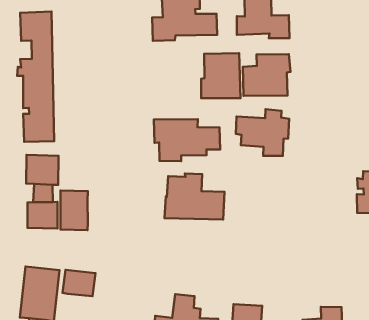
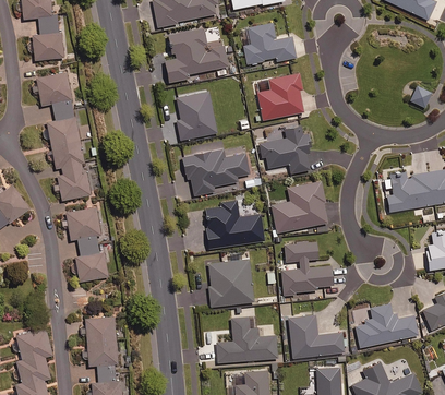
building: [201,53,240,98] -> [176,91,217,140]
building: none -> [272,181,327,232]
building: [60,191,88,230] -> none
building: none -> [281,242,333,297]
building: none -> [207,259,254,307]
building: [62,270,96,296] -> none

